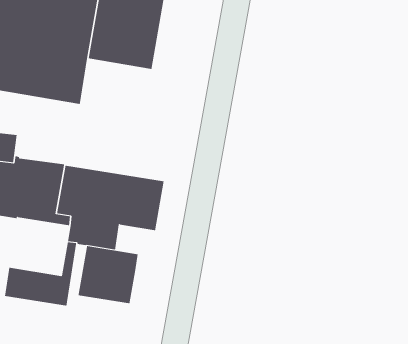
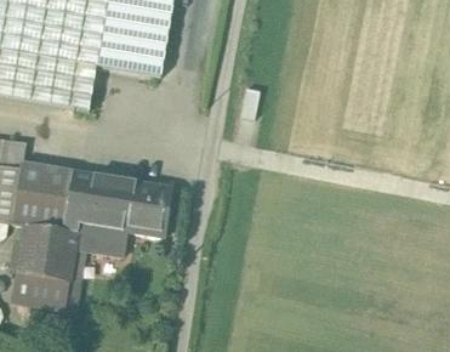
building: [78,246,139,304] -> [16,223,76,282]

